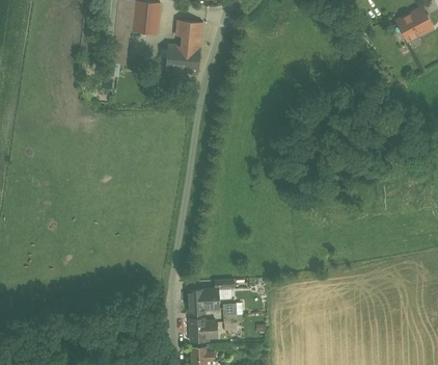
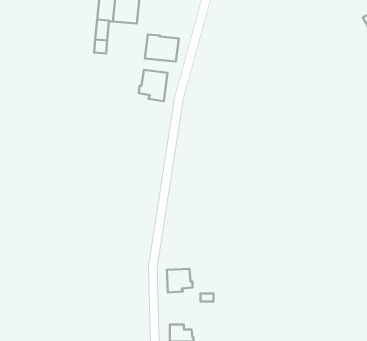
building: [175,19,202,48] -> none
building: none -> [139,70,167,101]
building: [189,317,217,341] -> none

